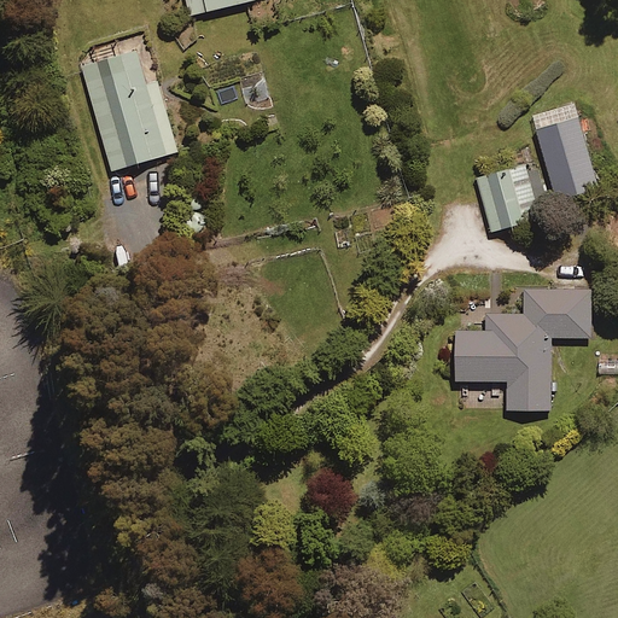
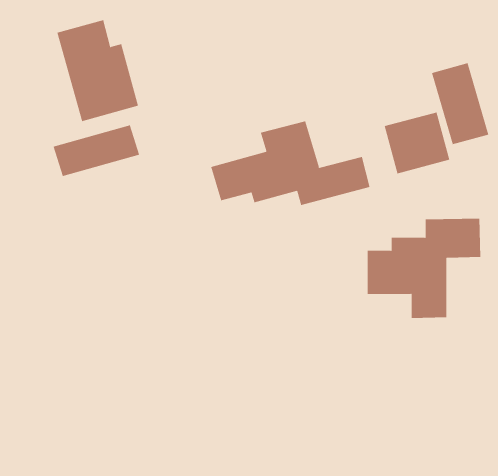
building: none -> [211,121,370,206]
building: none -> [53,124,140,177]

